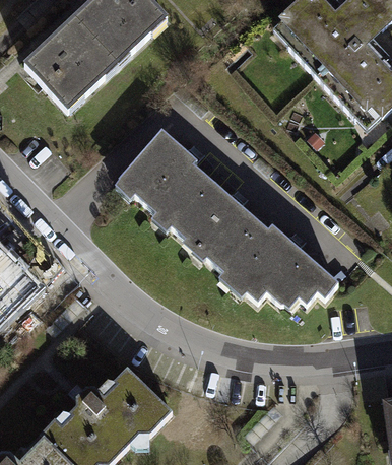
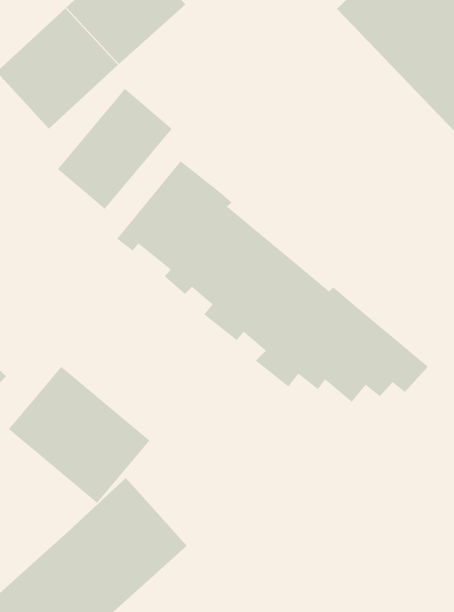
building: none -> [57,88,173,210]
building: none -> [8,366,150,504]

